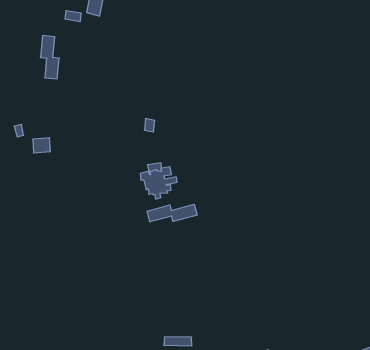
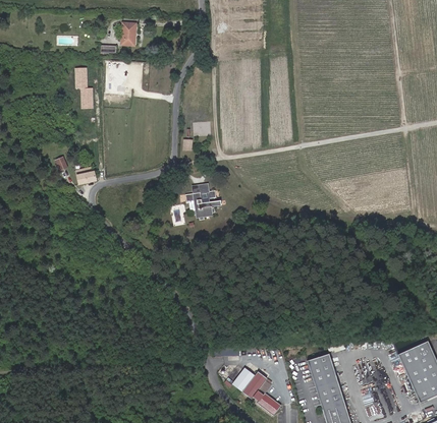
building: [147,204,197,222] -> none

